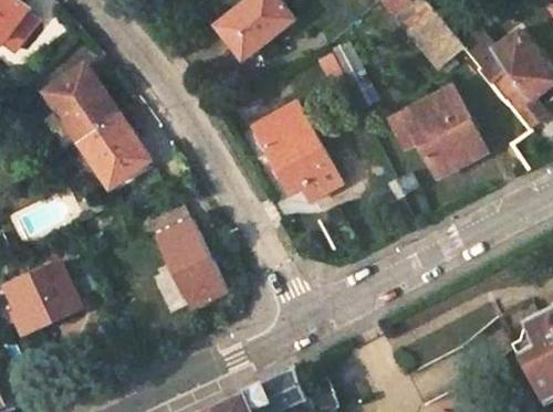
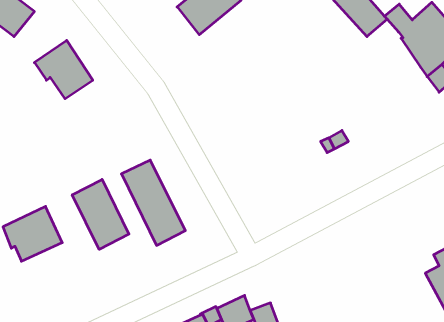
building: [390,89,484,179] -> none
building: [251,103,342,200] -> none
building: [81,114,146,187] -> none
building: none -> [72,179,129,249]

